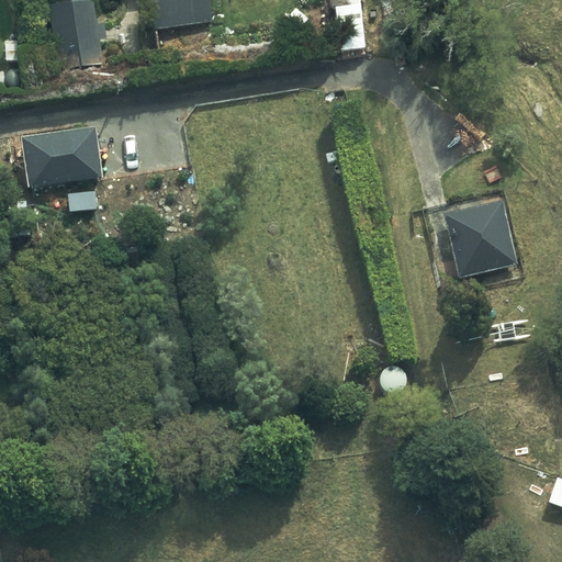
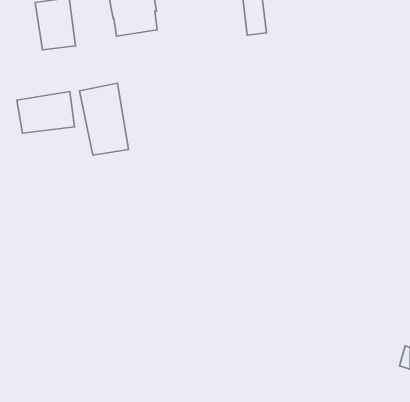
building: none -> [80,83,129,155]
building: [443,198,517,272] -> none

